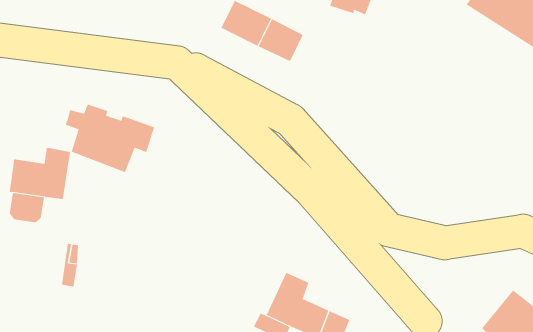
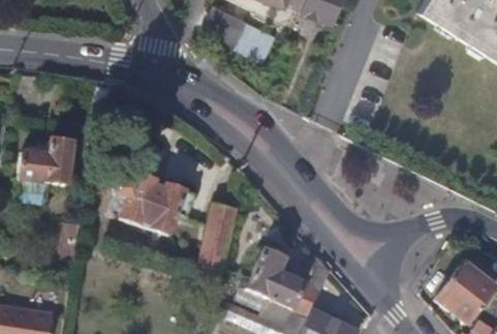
building: [65,104,155,173] -> [116,174,195,235]
building: none -> [201,205,237,270]

